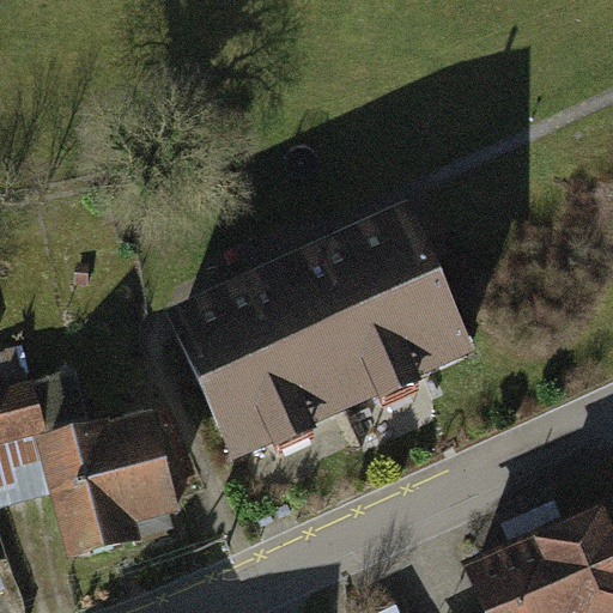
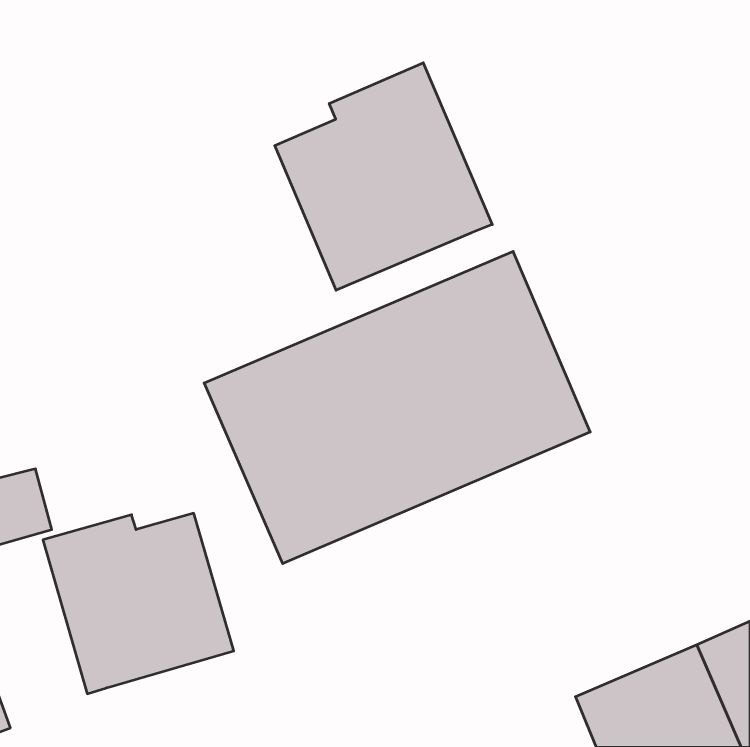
building: none -> [275,63,492,290]

